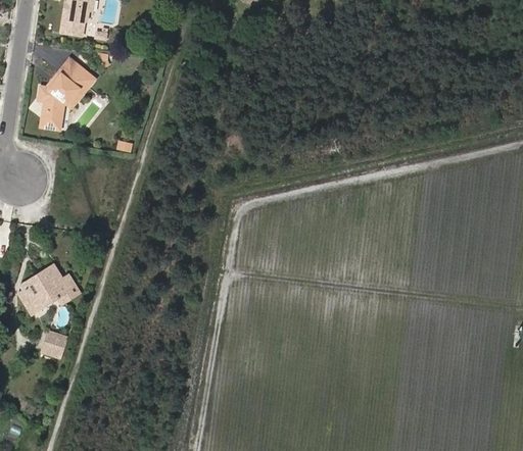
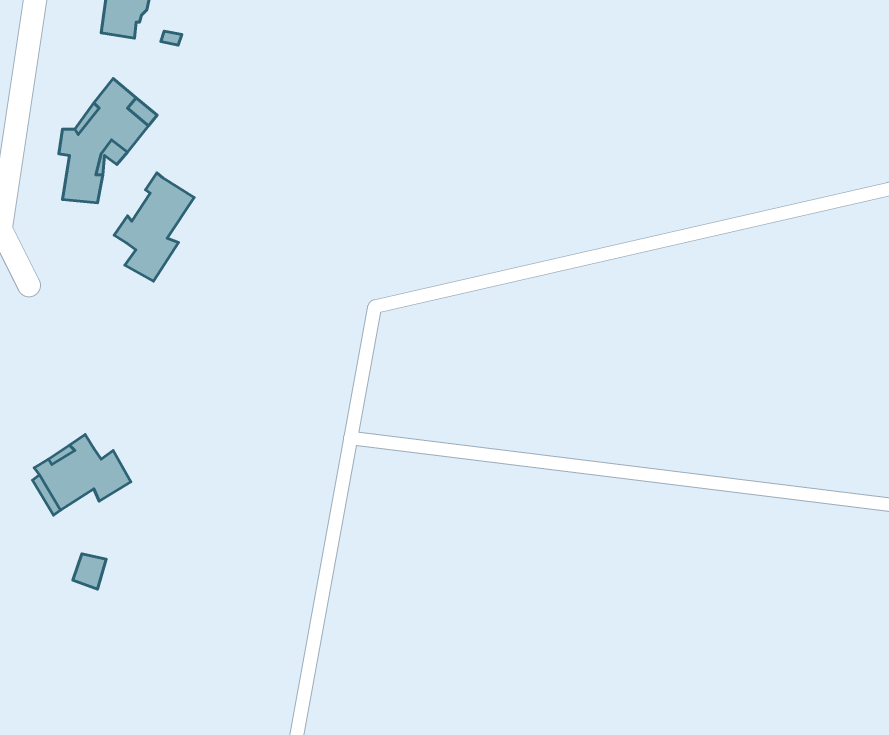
building: none -> [114,173,194,281]

